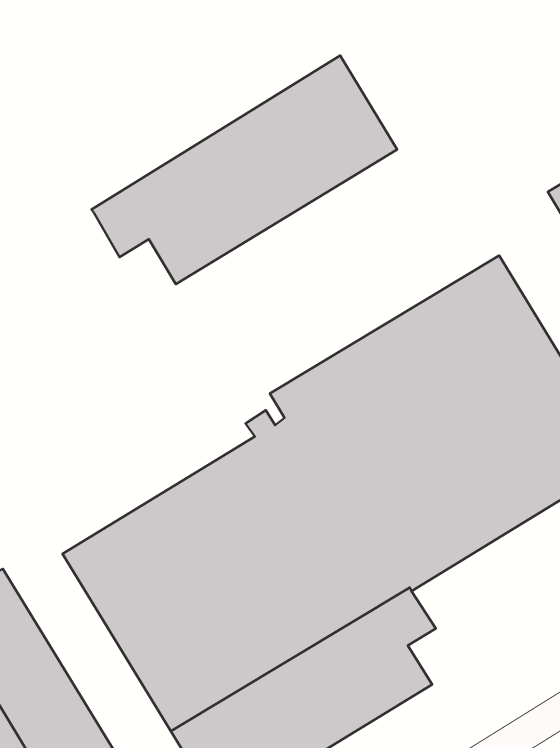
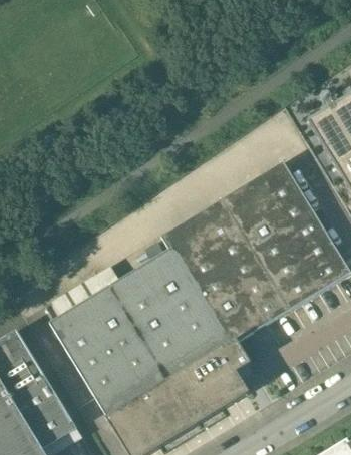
building: [92,55,397,284] -> none

